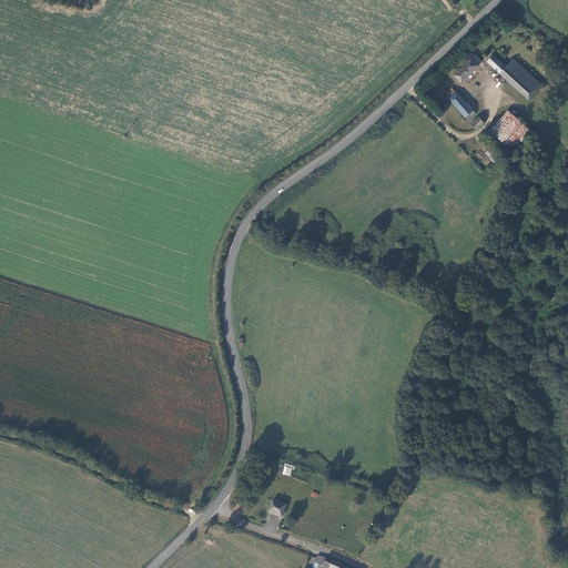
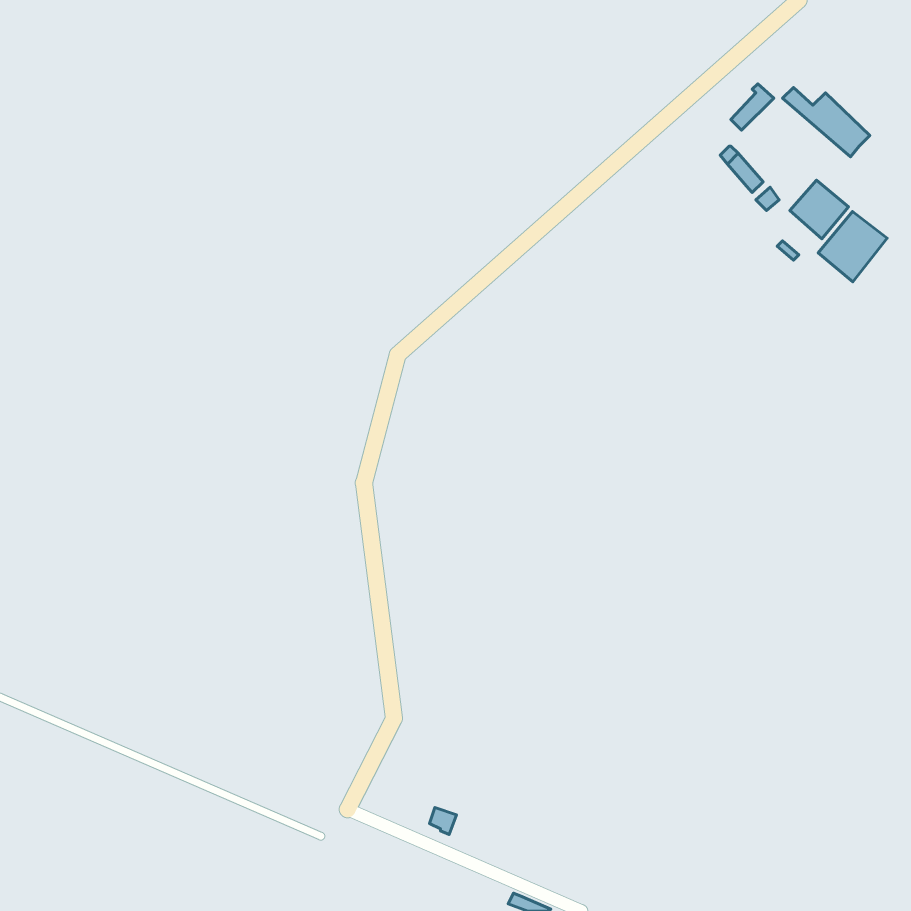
building: none -> [818,211,887,282]

